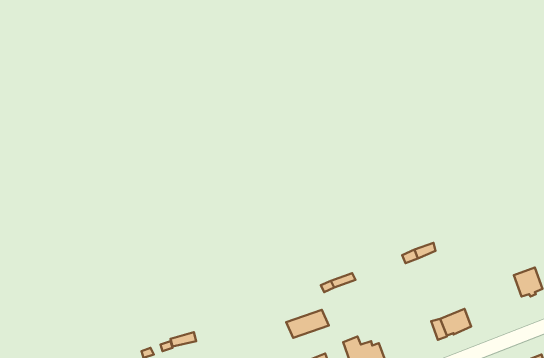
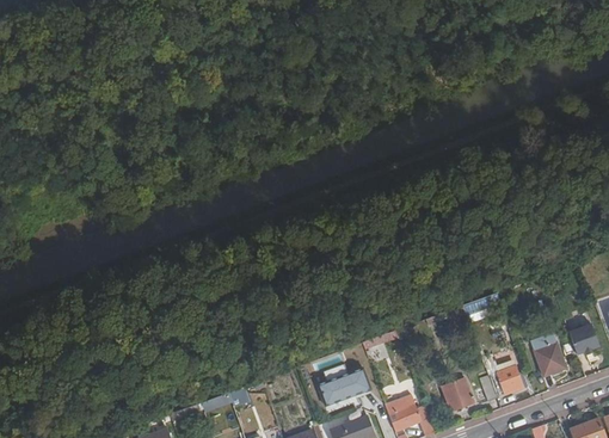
building: none -> [533,343,566,377]
building: none -> [441,378,474,412]

